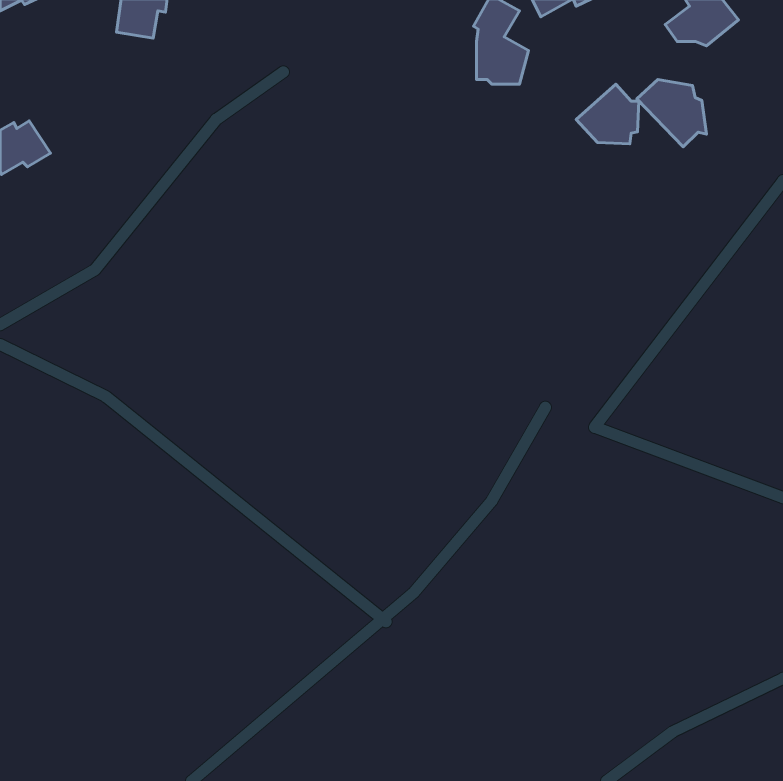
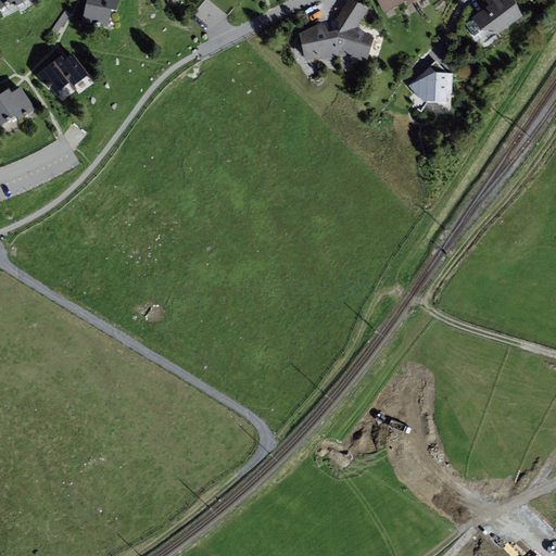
building: none -> [300,20,338,60]
building: none -> [38,52,89,92]
building: [637,79,706,147] -> none

